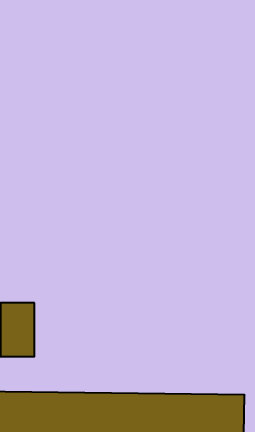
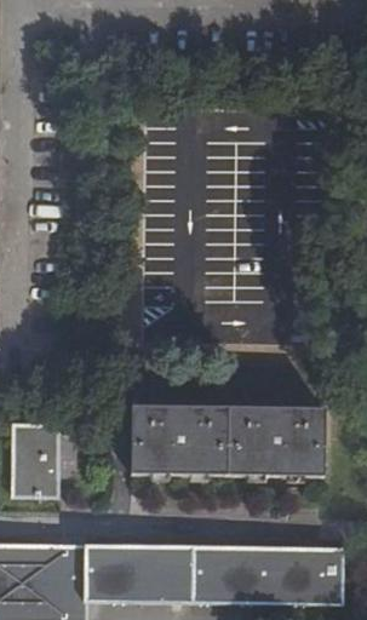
building: none -> [132,407,325,476]

